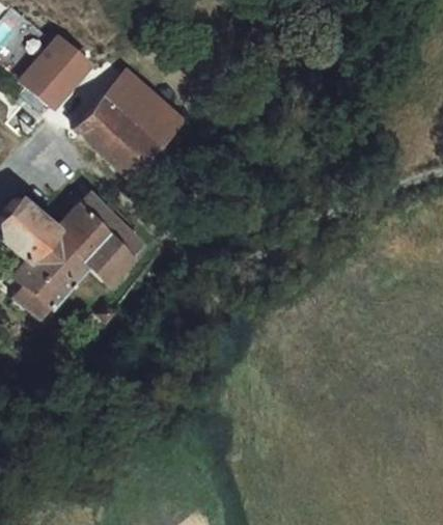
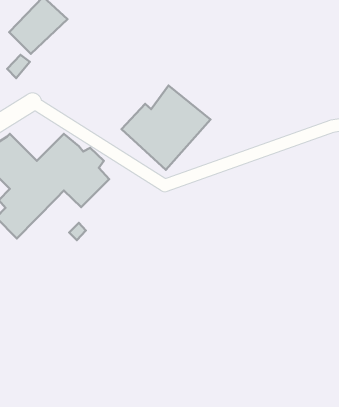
building: [77,76,183,176] -> [122,86,210,170]

